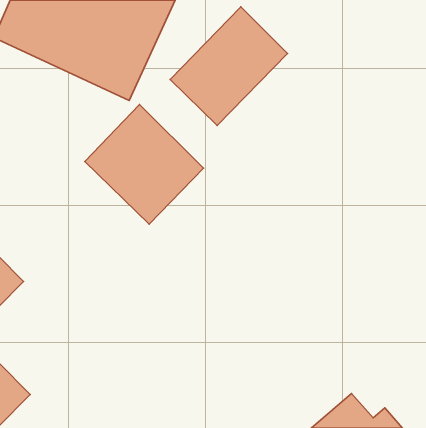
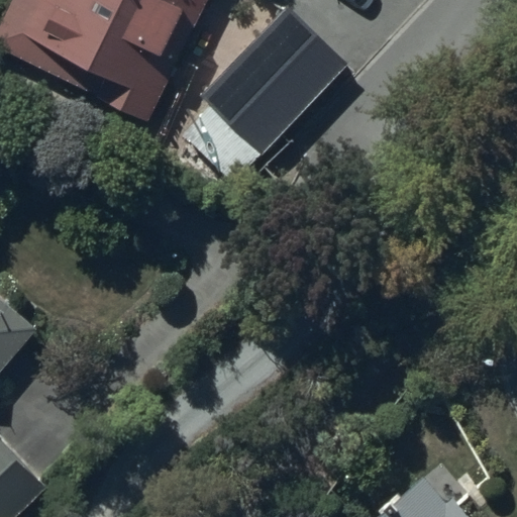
building: [85,105,204,224] -> none

